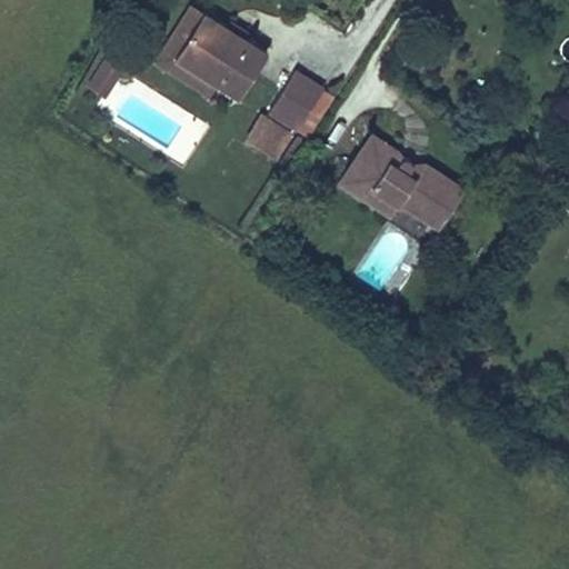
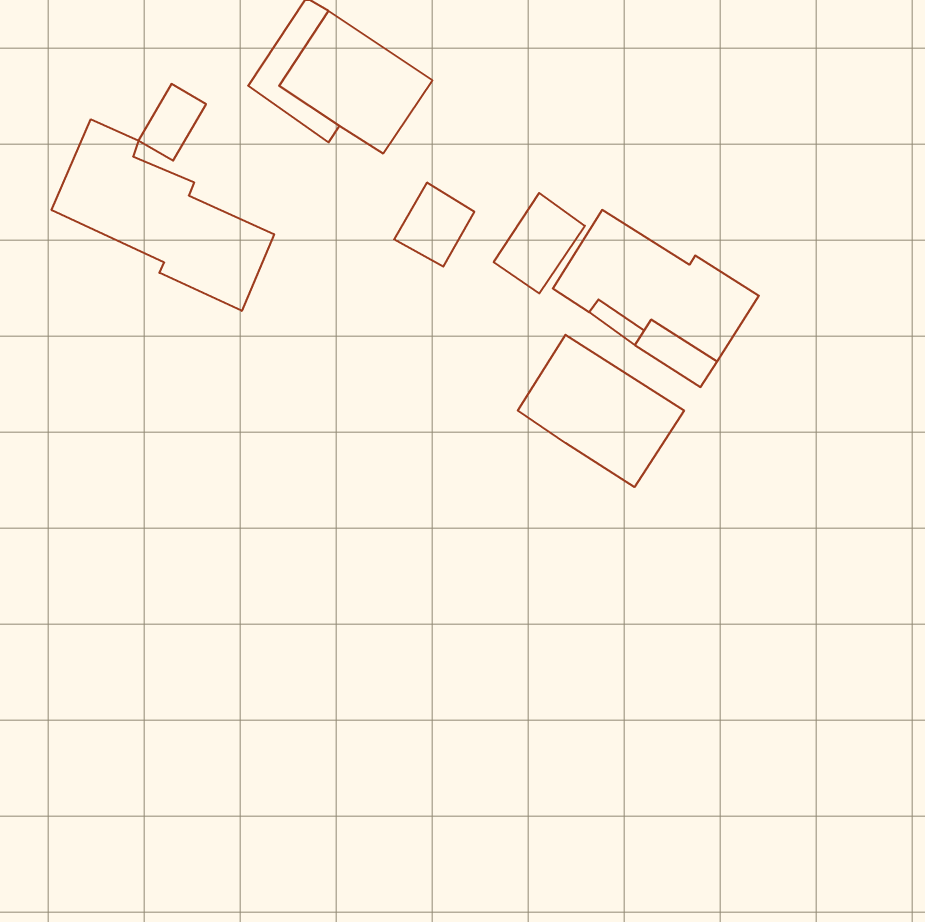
building: [269,73,325,134] -> [494,193,585,293]
building: none -> [52,119,274,311]
building: none -> [518,335,684,487]

